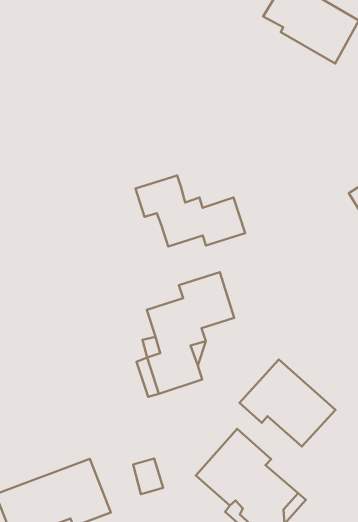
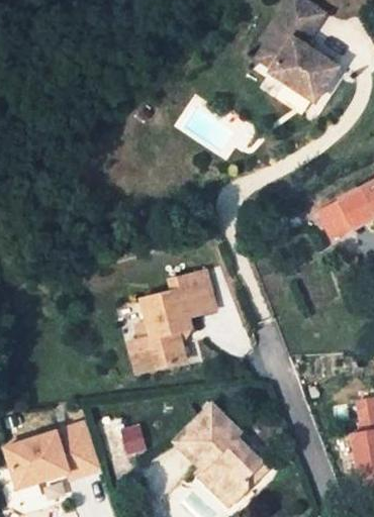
building: [136,176,245,247] -> none
building: [240,360,336,447] -> none

